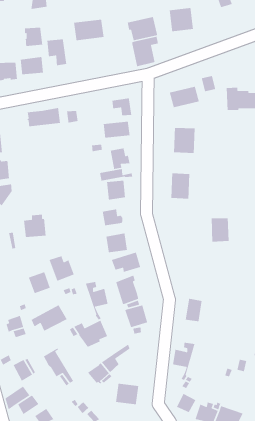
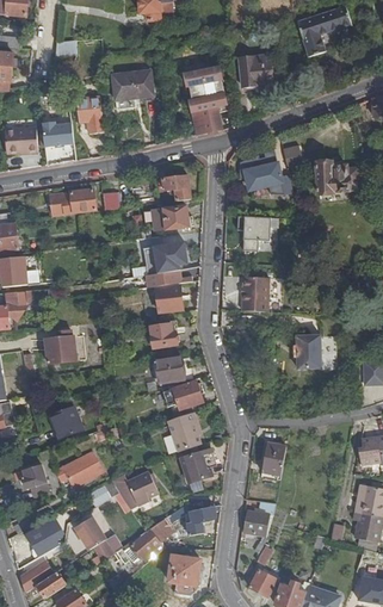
building: [24,27,43,47] -> none
building: [48,255,75,282] -> none
building: [85,281,108,321] -> none
building: none -> [186,504,220,535]

